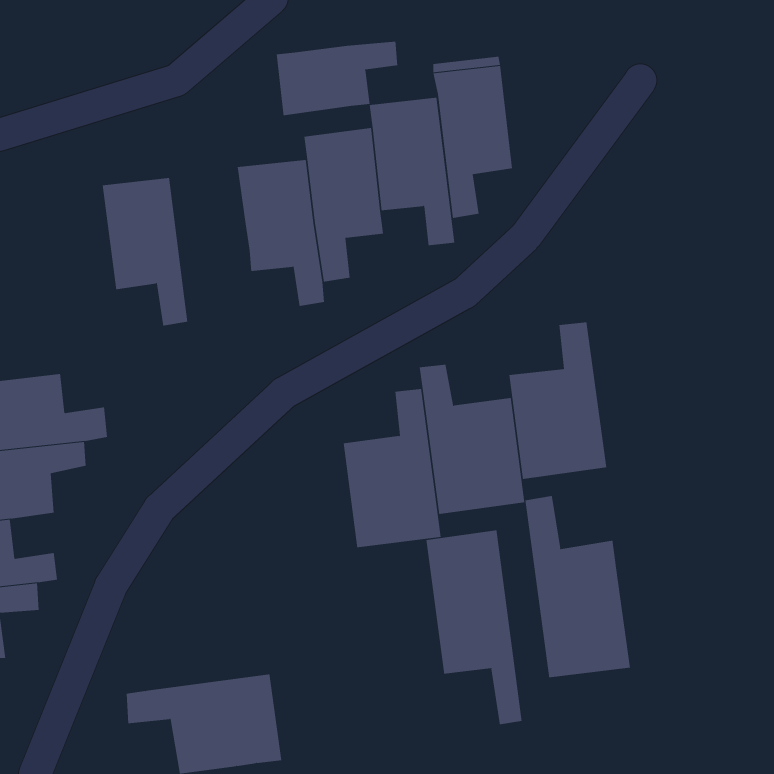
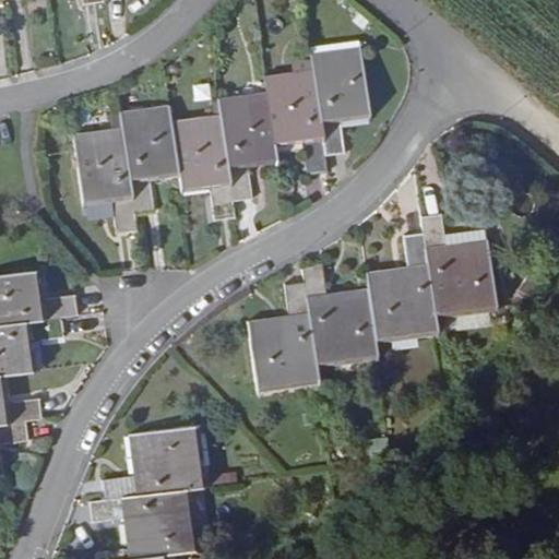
building: [276,41,398,116] -> none
building: none -> [120,105,179,215]
building: none -> [420,213,496,321]
building: [525,495,631,678] -> none
building: [426,529,522,725] -> none
building: none -> [103,421,211,497]

